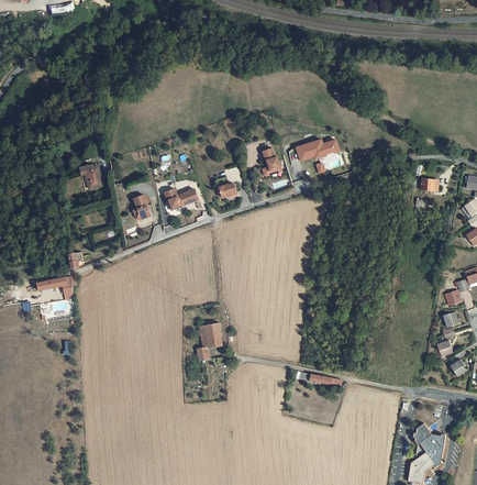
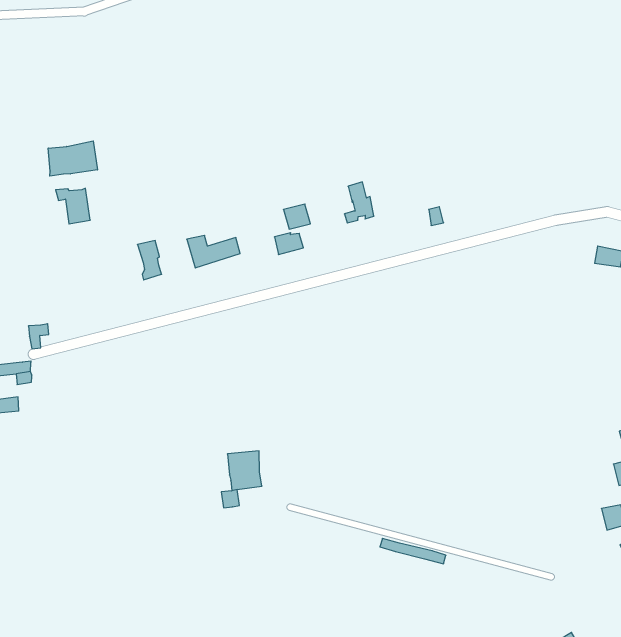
building: none -> [48,141,97,176]
building: [297,140,340,161] -> none

